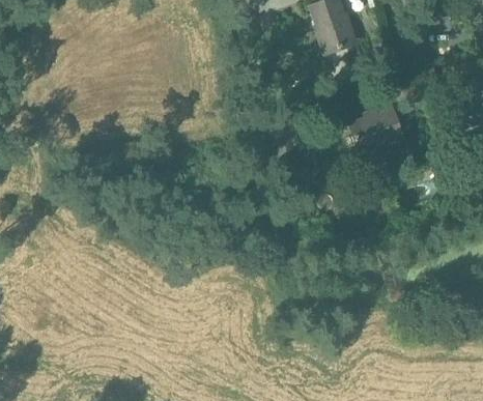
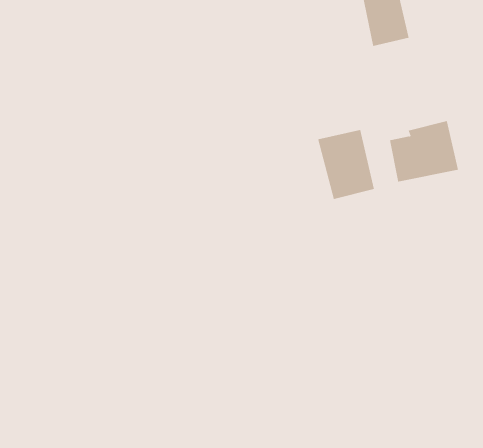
building: none -> [317,129,374,200]

